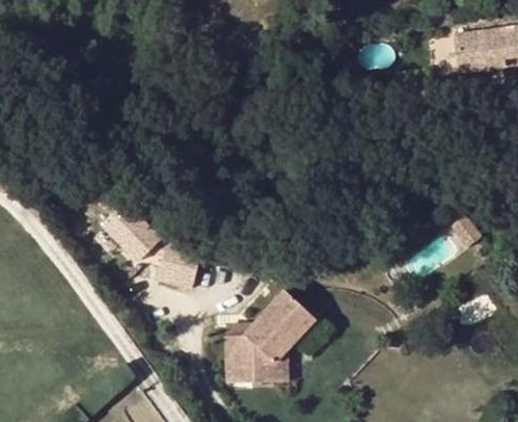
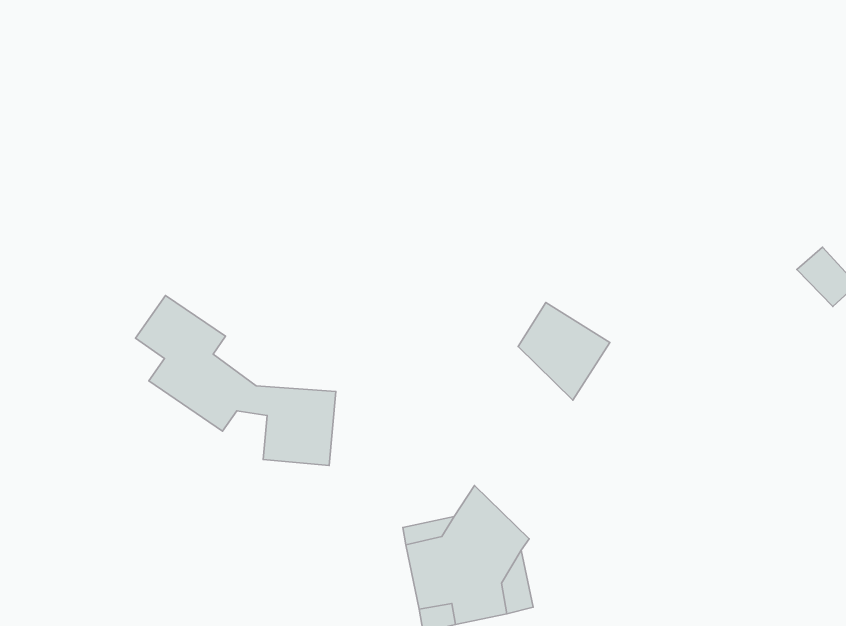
building: [267,289,316,343] -> [518,302,610,400]

